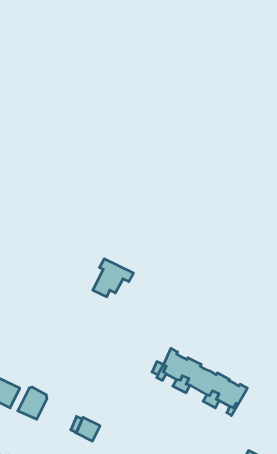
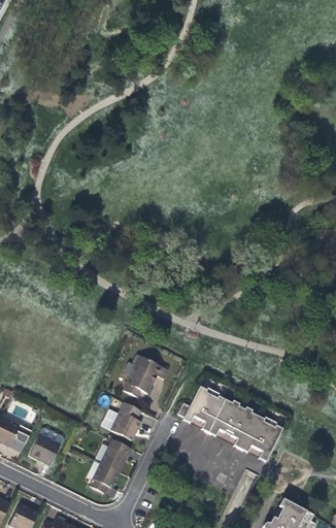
building: [93,259,133,297] -> [123,357,167,398]
building: none -> [101,402,140,441]
building: none -> [101,440,127,472]

